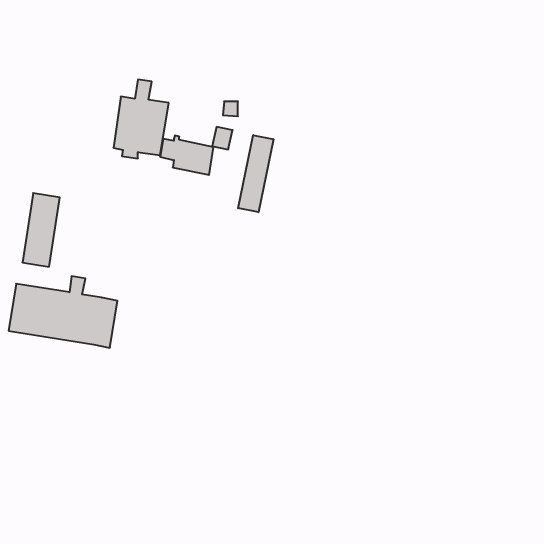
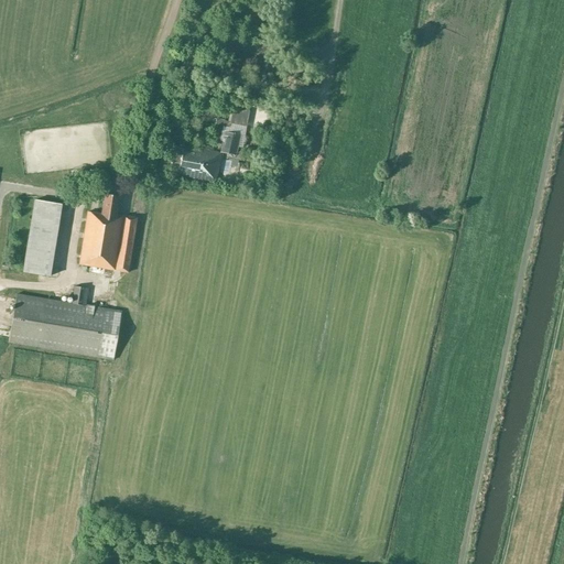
building: [113,80,169,158] -> [80,193,138,274]
building: [238,135,273,212] -> none

